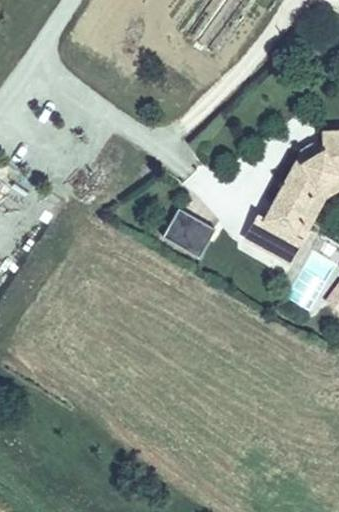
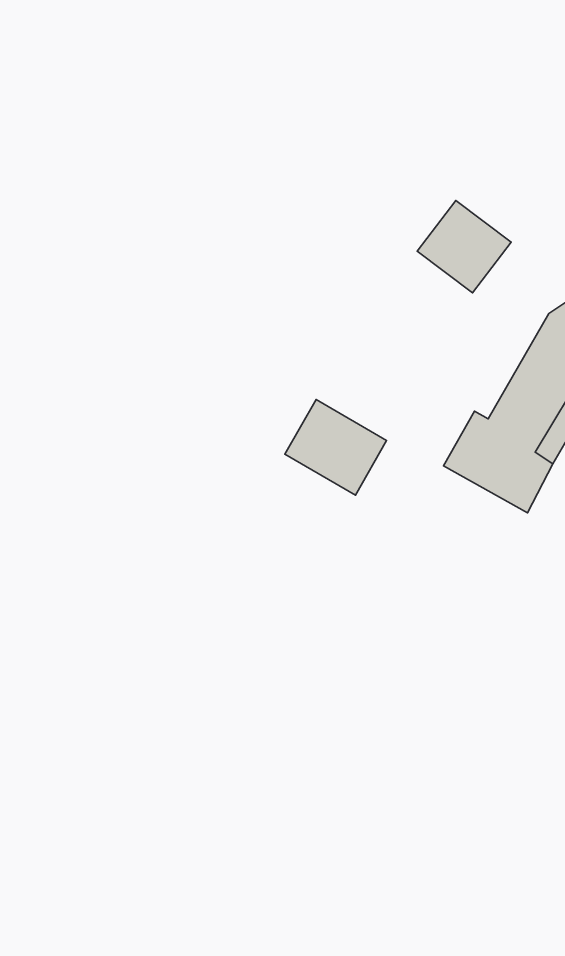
building: none -> [417,201,511,293]

